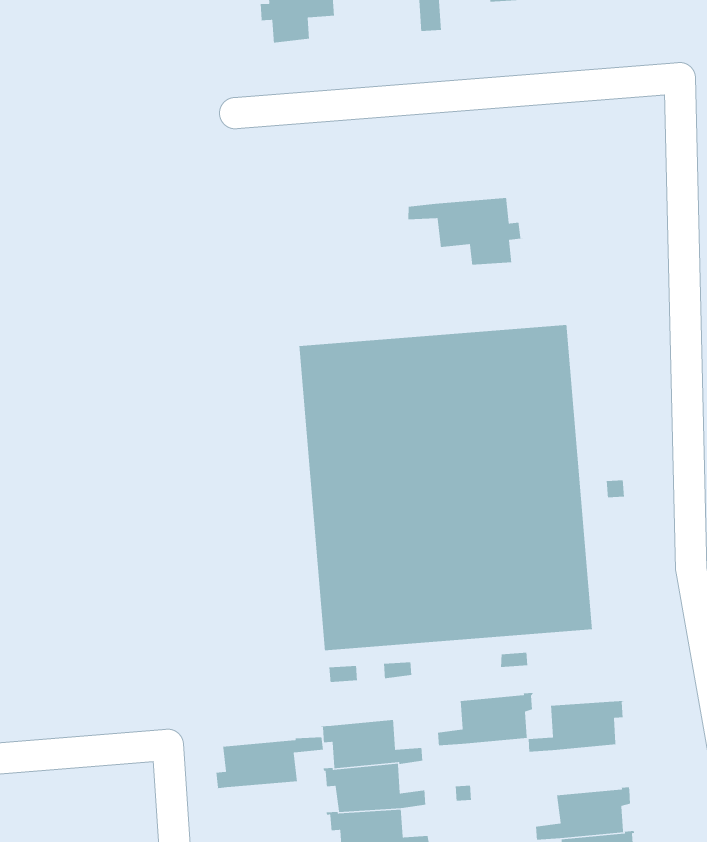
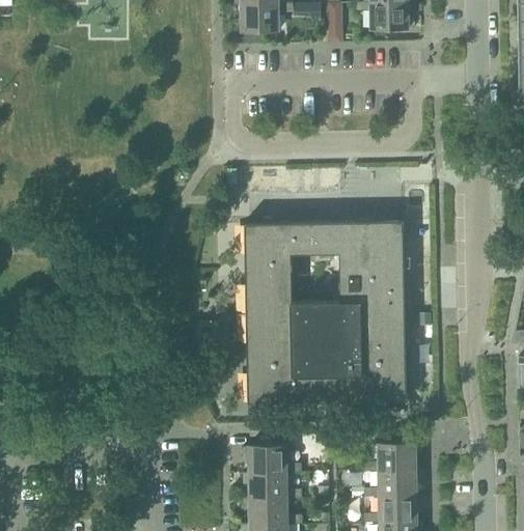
building: [408,197,523,265] -> none
building: [437,692,534,746] -> [363,468,421,496]
building: [215,737,324,789] -> none

